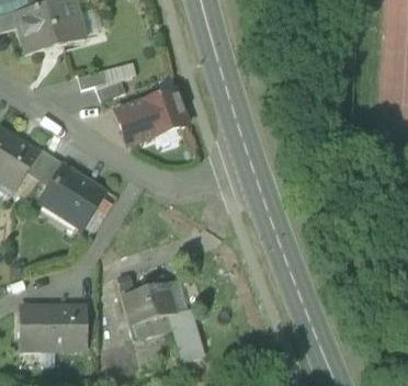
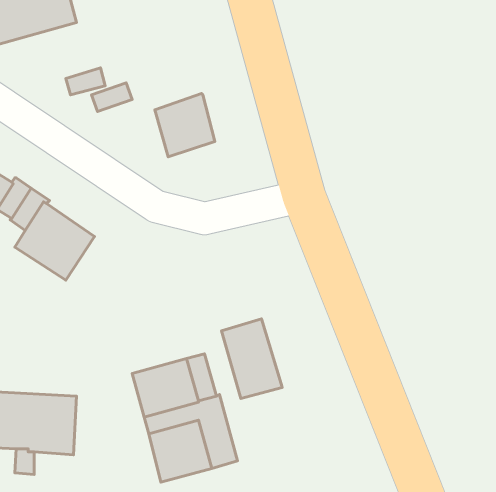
building: [114,100,151,140] -> none
building: none -> [221,319,282,399]

